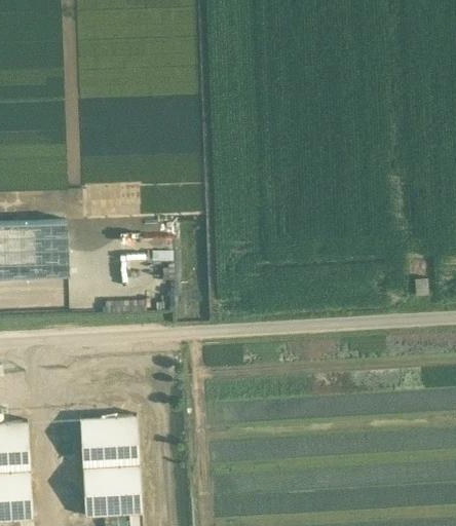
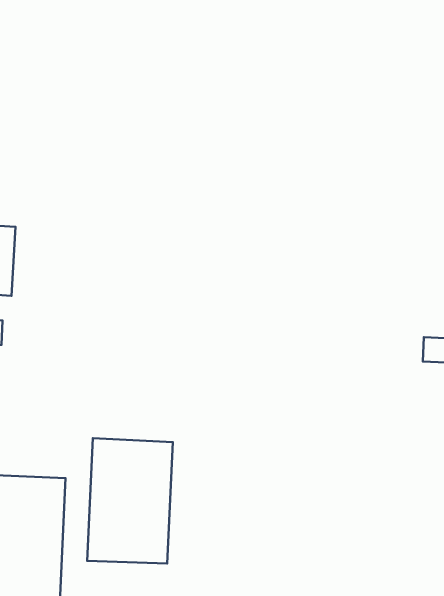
building: none -> [87,438,173,563]

